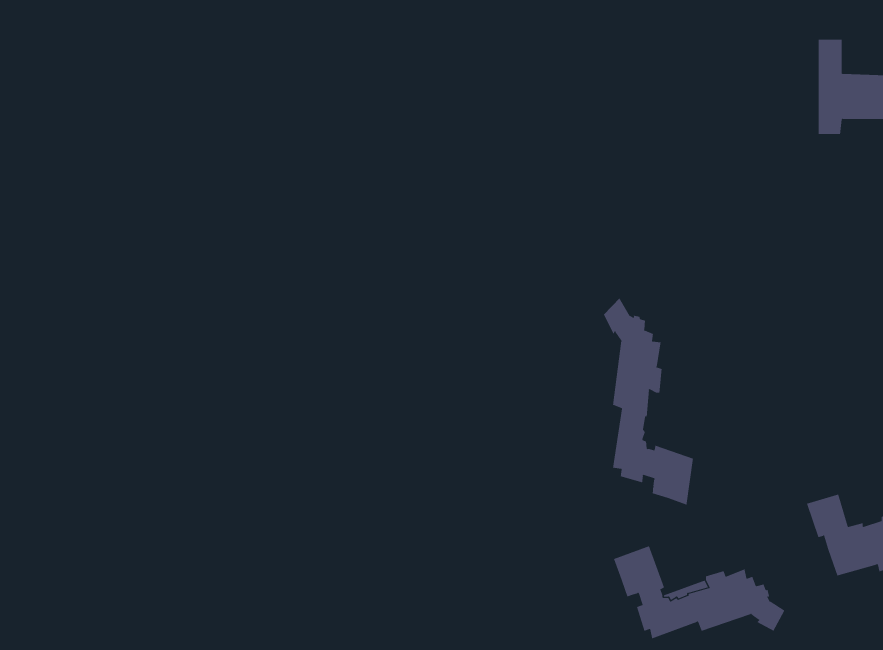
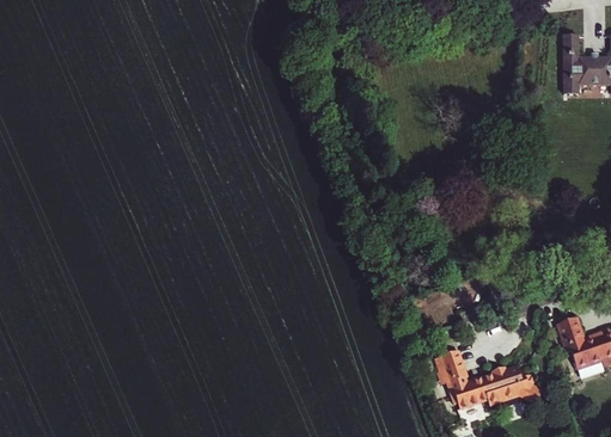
building: [603,297,693,505] -> none

